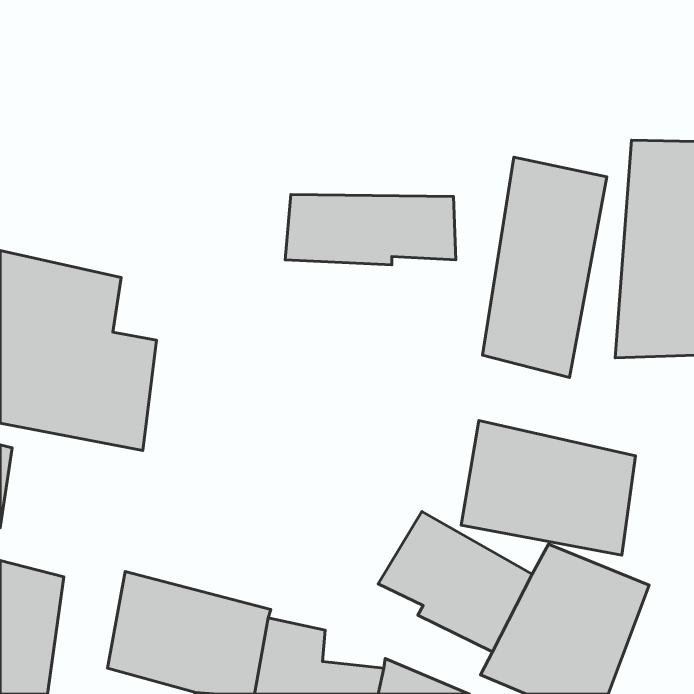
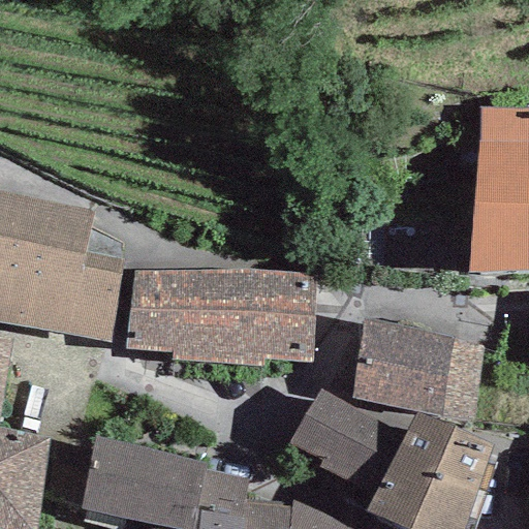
building: [483,157,607,377] -> none
building: [285,195,456,265] -> none
building: none -> [127,271,314,366]

